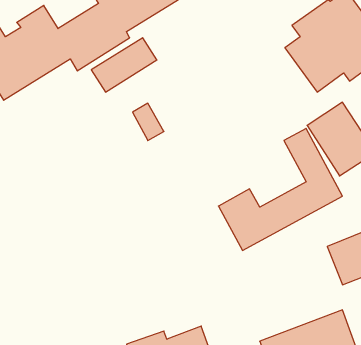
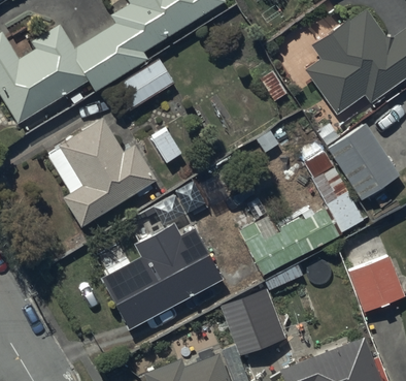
building: none -> [48,117,157,227]
building: none -> [101,222,223,327]
building: none -> [222,287,285,355]

